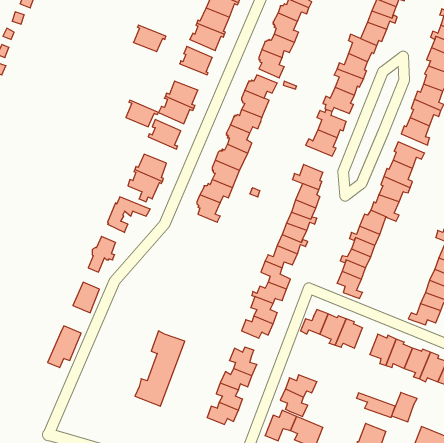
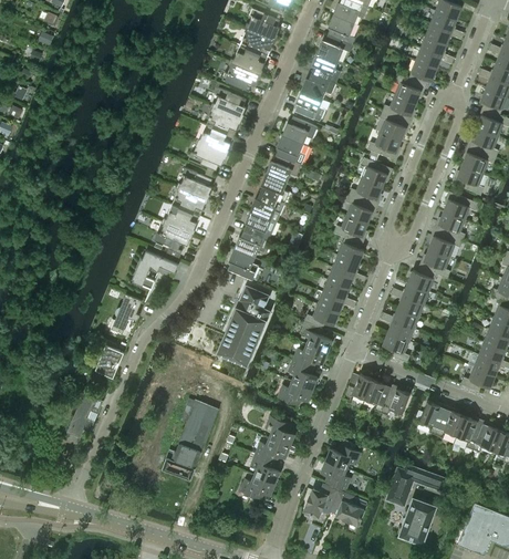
building: [133,25,166,52] -> [206,106,241,135]
building: [126,100,158,127] -> [173,186,208,215]
building: none -> [346,195,377,225]
building: none -> [217,286,271,366]
building: [392,392,417,422] -> [388,468,416,500]

